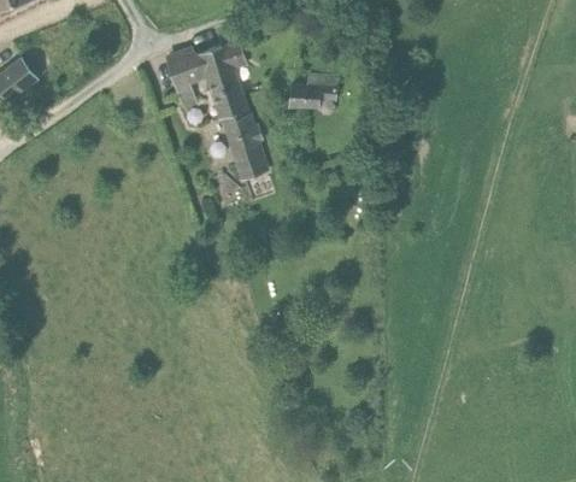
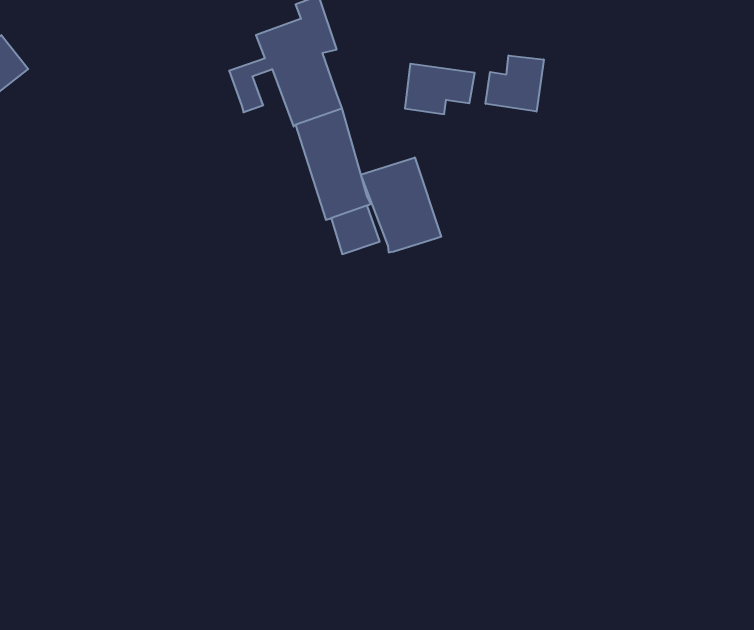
building: none -> [486,55,544,112]
building: none -> [361,157,441,253]

